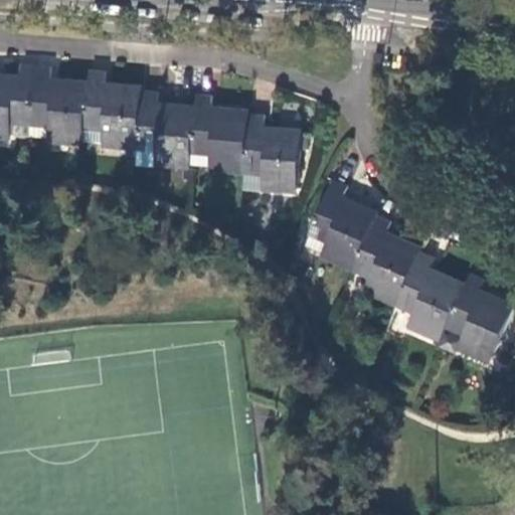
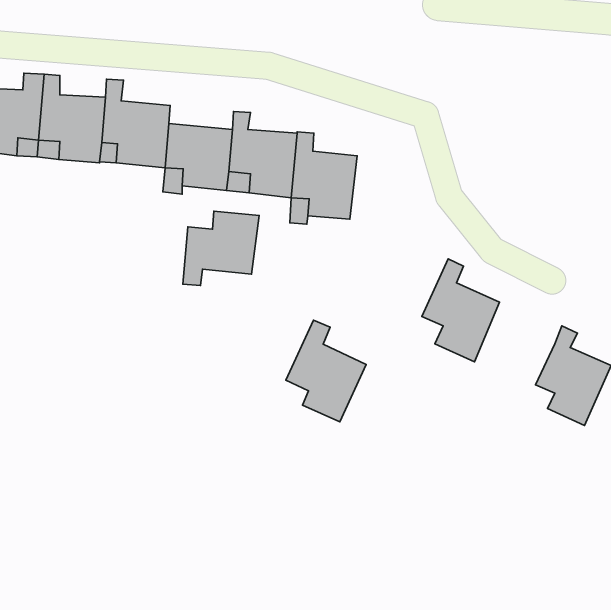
building: none -> [183,211,259,286]
building: [309,180,376,266] -> [286,320,366,422]
building: [398,251,466,337] -> none

